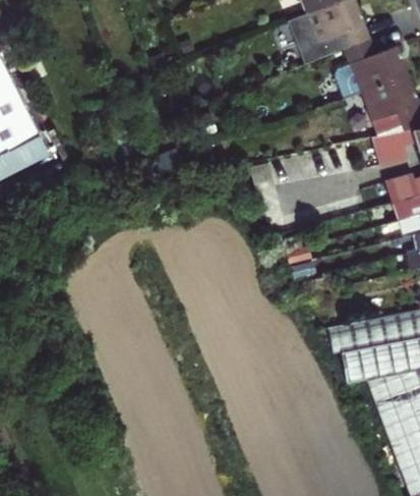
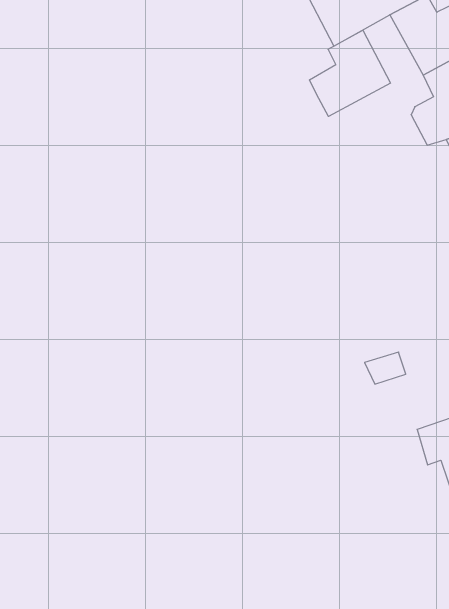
building: none -> [310,30,390,116]

